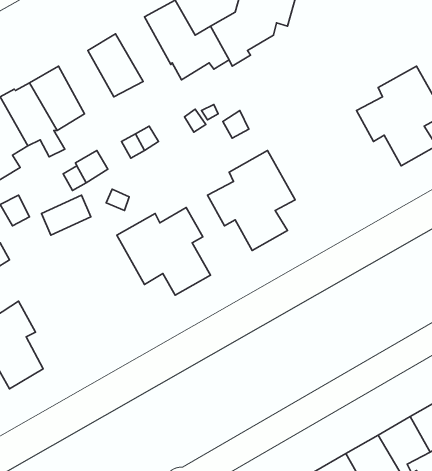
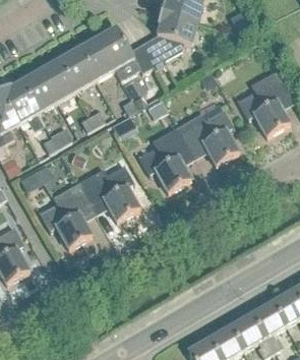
building: none -> [77,38,114,80]
building: none -> [40,60,76,102]
building: none -> [178,108,239,166]
building: none -> [39,182,97,248]

